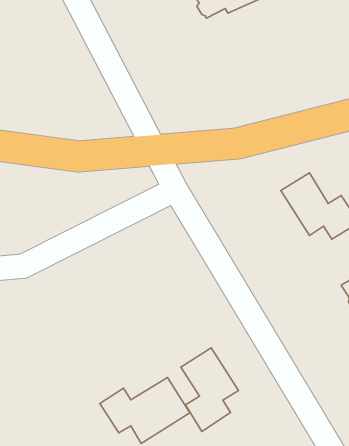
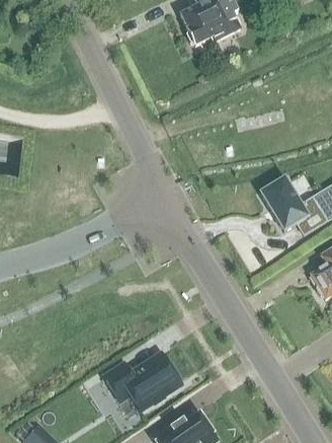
building: [181,348,238,431] -> none

